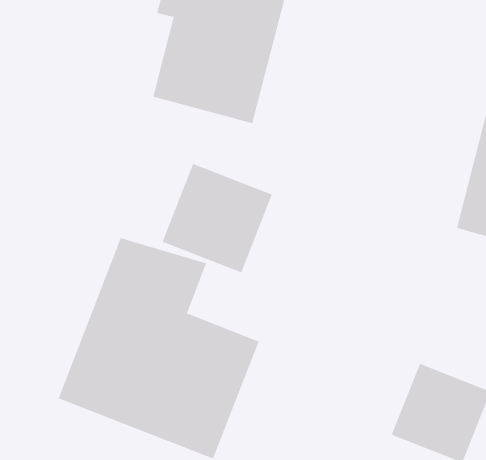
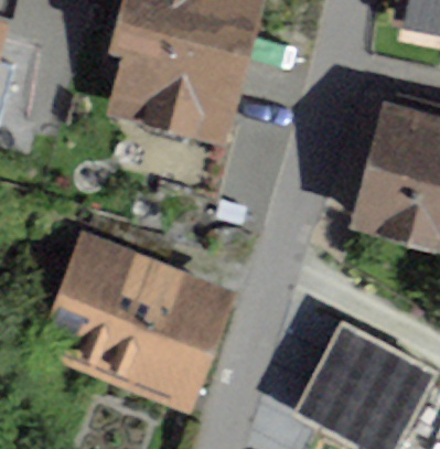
building: [162,163,273,273] -> none

